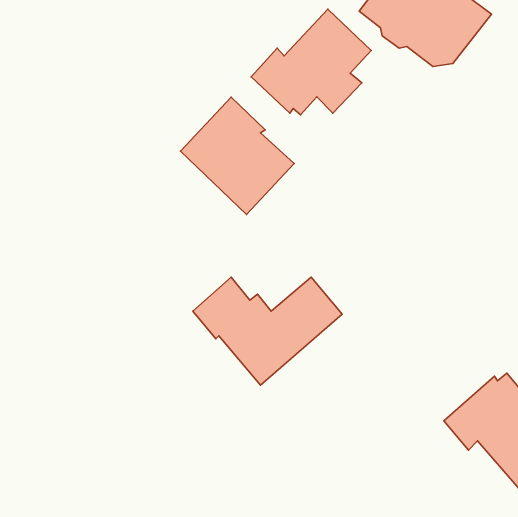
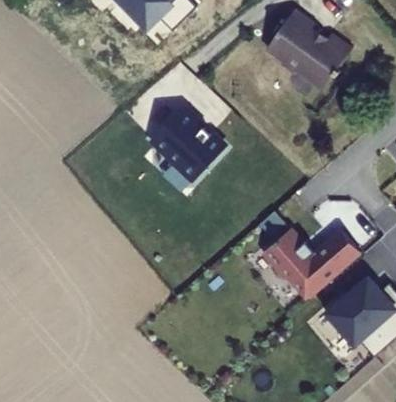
building: [251,9,371,115] -> none
building: [193,277,342,385] -> [261,230,358,300]

